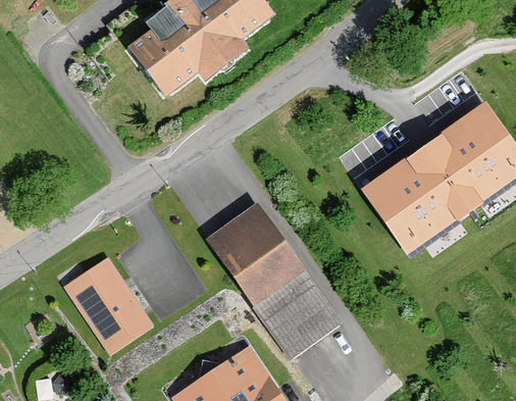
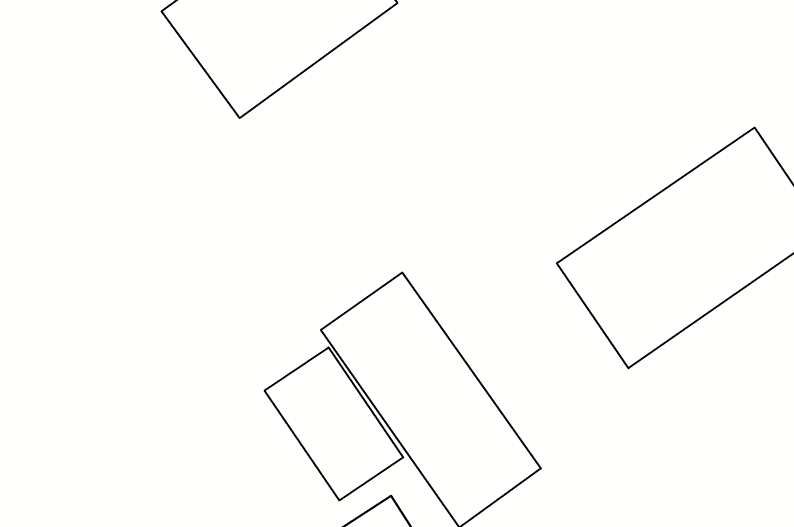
building: [64,251,153,349] -> [265,347,403,500]

